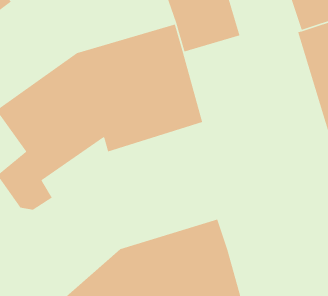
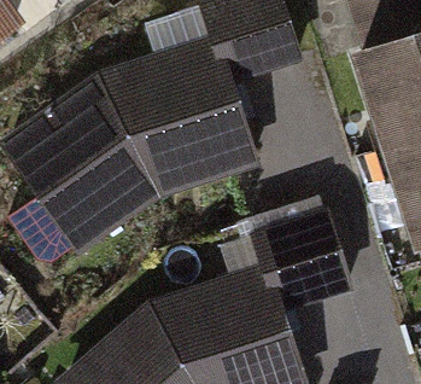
building: none -> [256,198,347,306]

